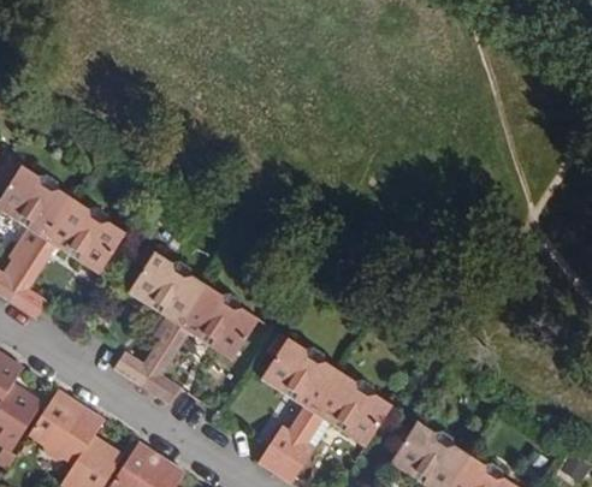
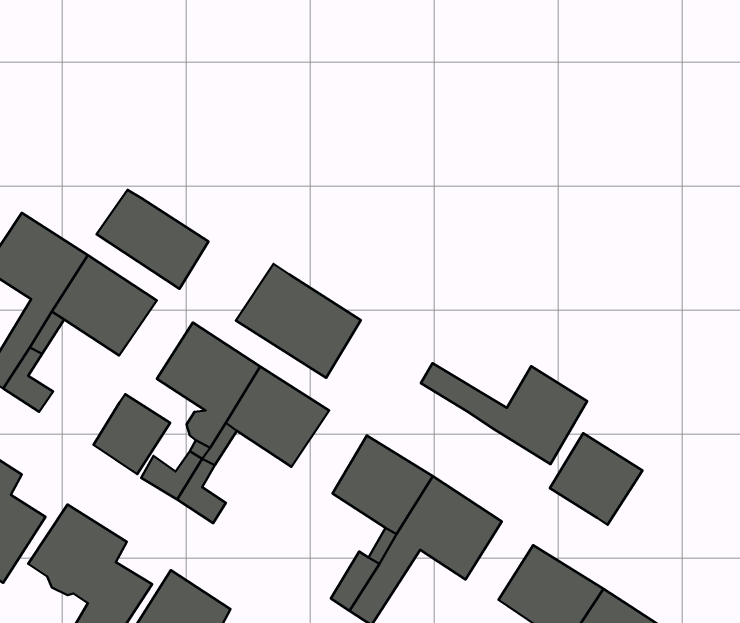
building: none -> [96,190,208,289]
building: none -> [236,264,361,378]
building: none -> [421,363,587,464]
building: none -> [93,394,170,474]
building: none -> [550,433,643,525]

